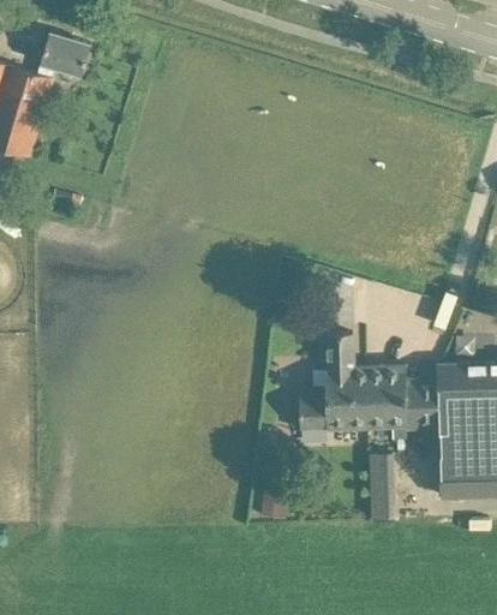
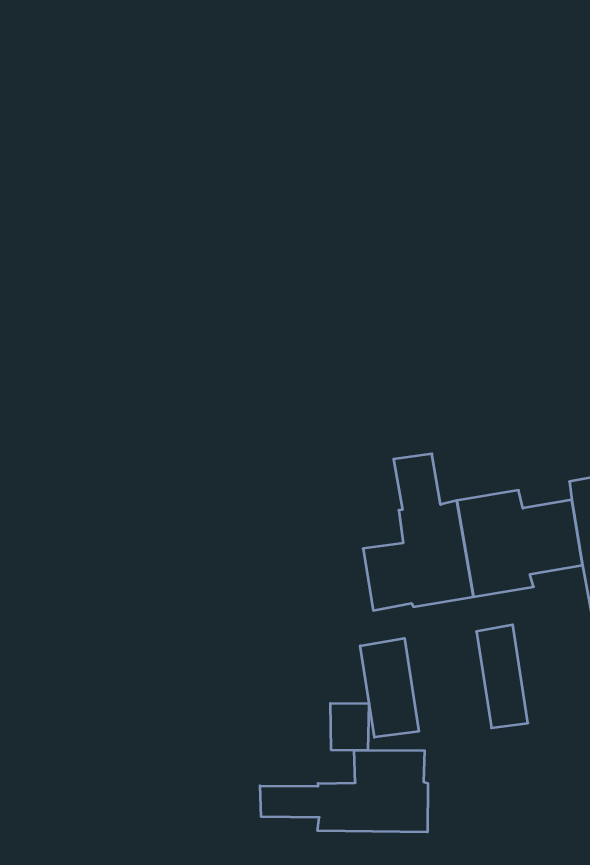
building: none -> [360,638,419,737]
building: none -> [260,750,428,832]

